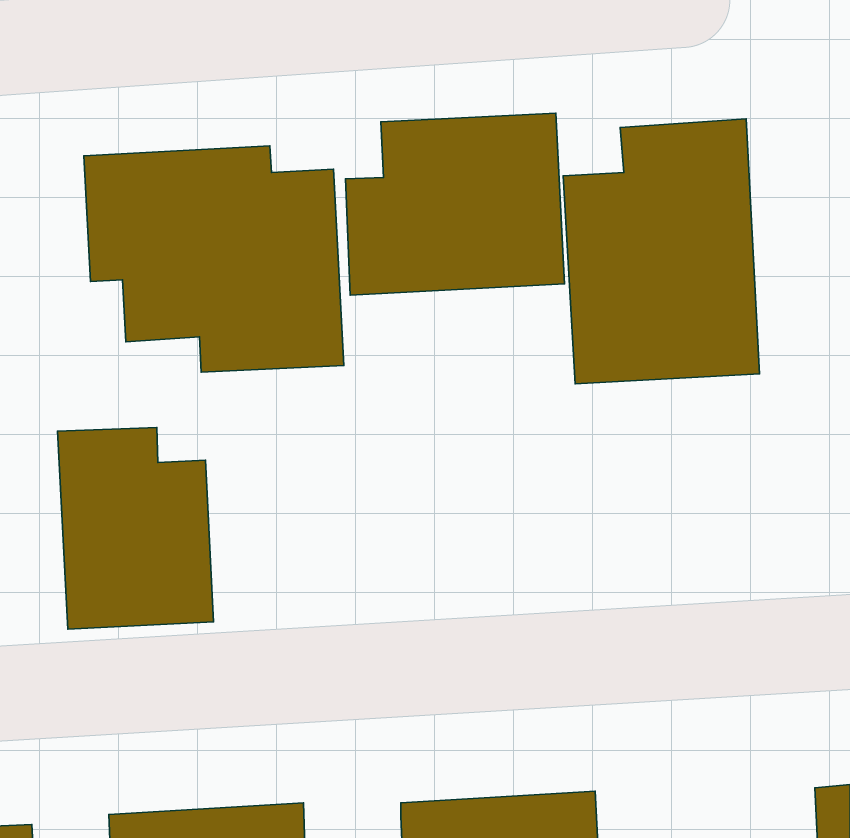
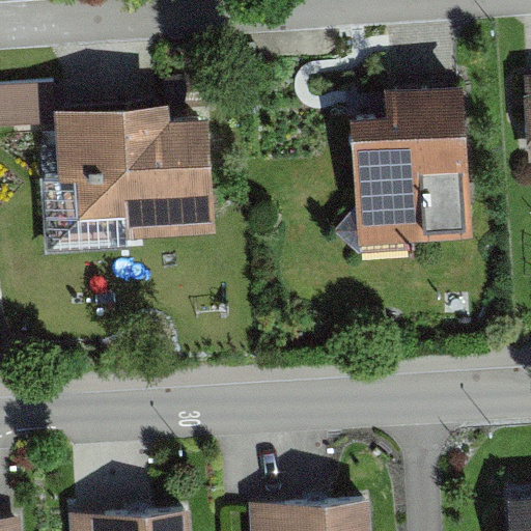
building: [345,113,565,295] -> none
building: [57,427,214,629] -> none

